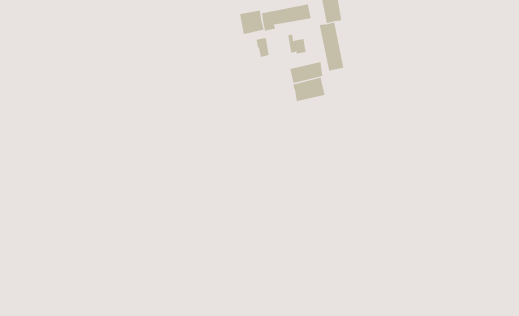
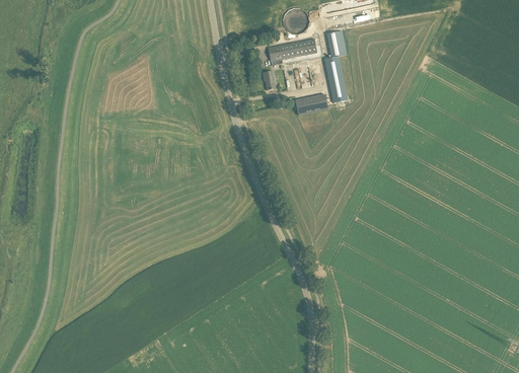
building: [239,10,264,35] -> none
building: [293,77,325,102] -> none

